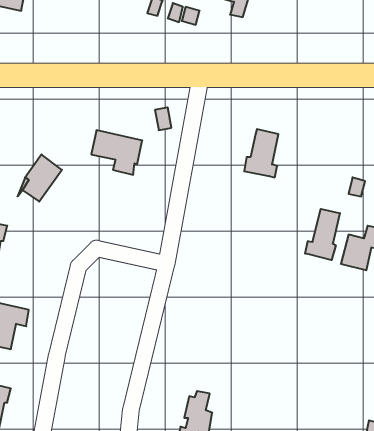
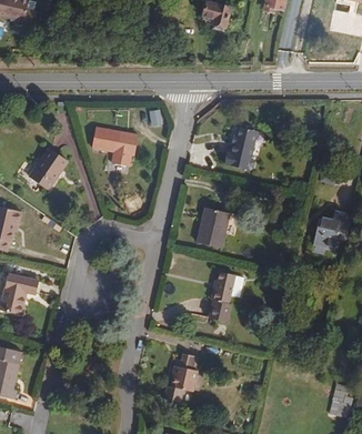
building: [305,209,340,260] -> none
building: none -> [198,209,229,249]
building: none -> [208,266,234,319]

